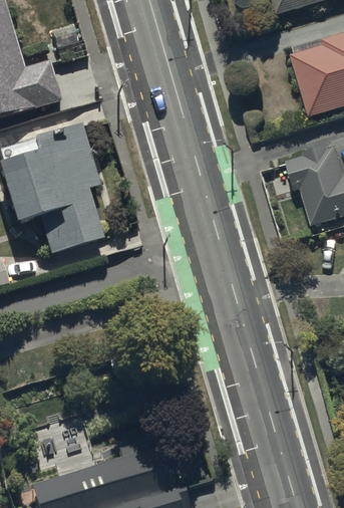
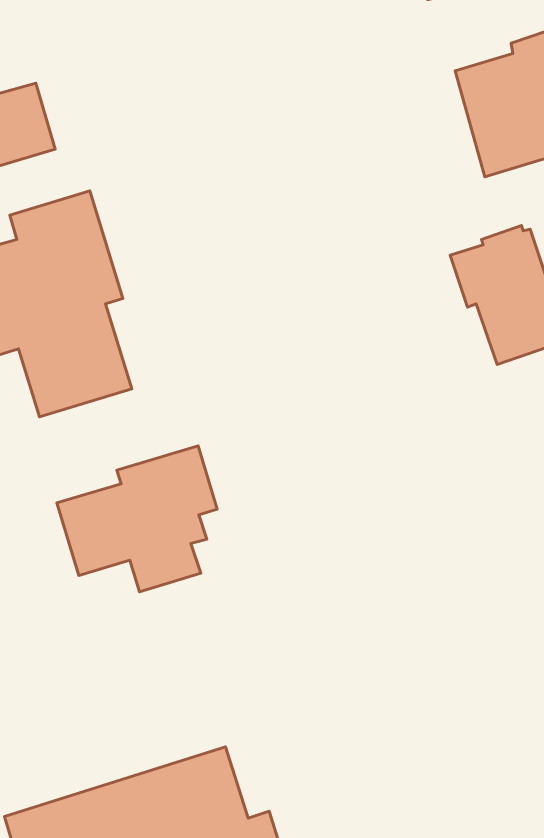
building: none -> [57,446,217,592]

